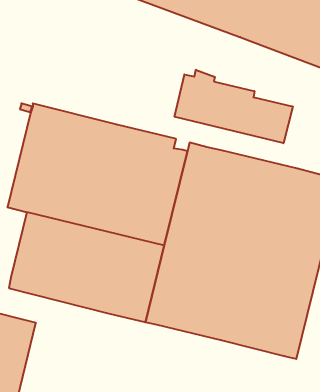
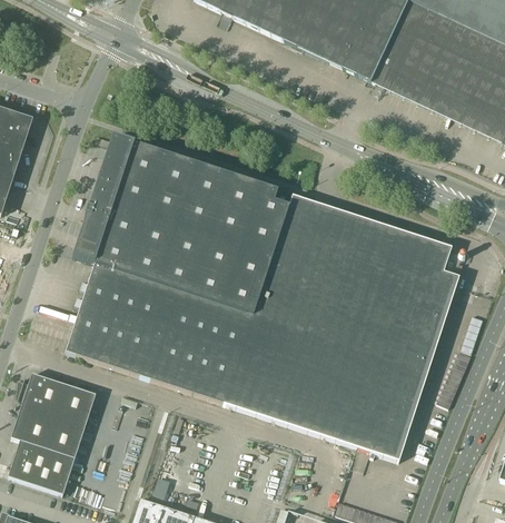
building: [175,70,293,143] -> none

